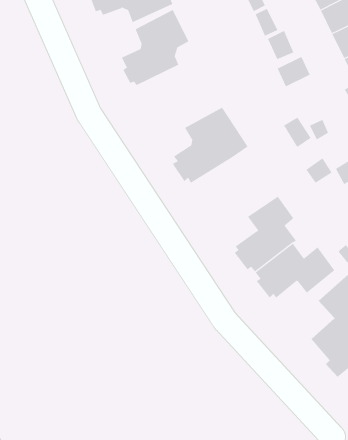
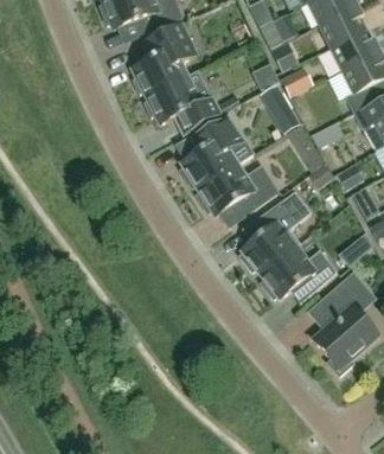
building: none -> [145,75,220,135]
building: none -> [258,83,301,133]
building: none -> [197,164,277,216]

